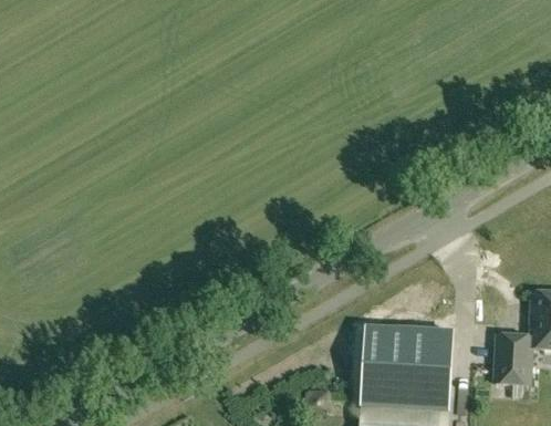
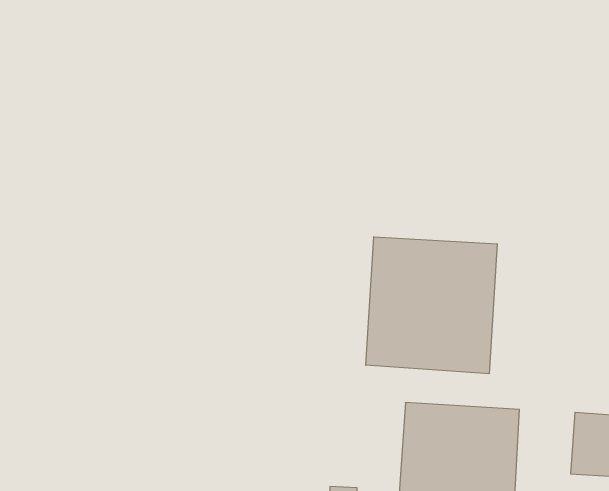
building: none -> [366,237,497,374]

